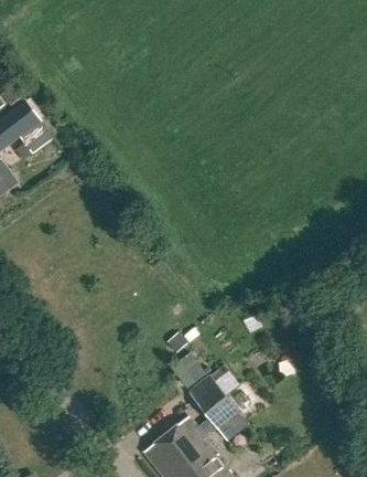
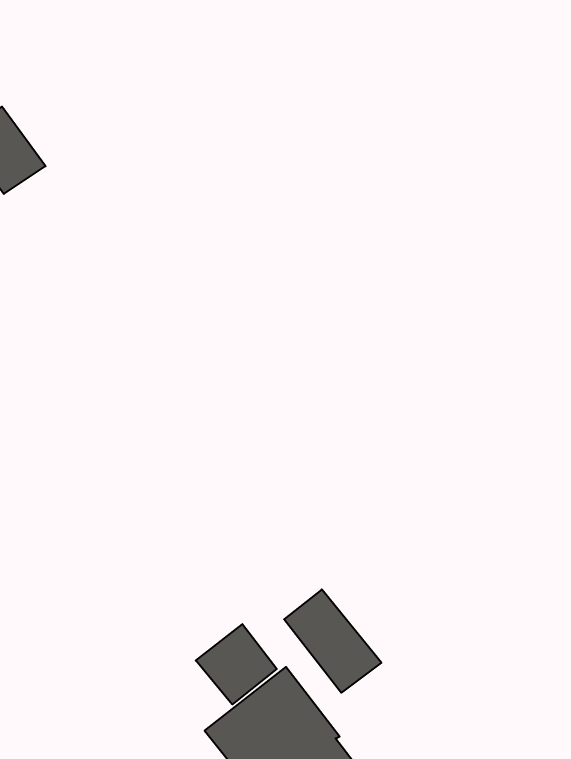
building: none -> [196,624,277,704]

